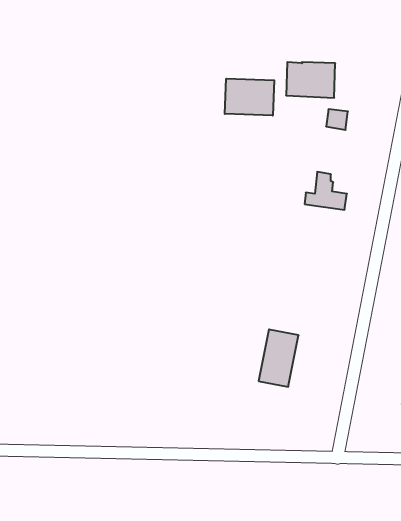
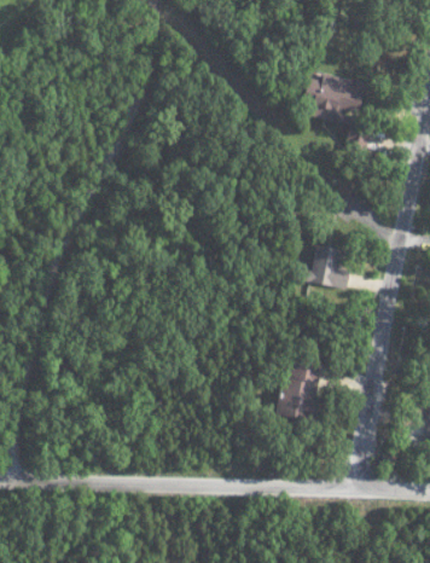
building: [225,79,274,116] -> none
building: [305,172,347,210] -> [308,248,353,288]

